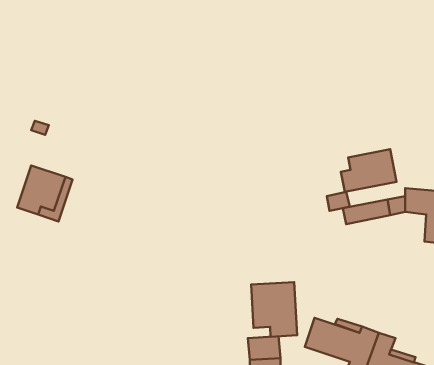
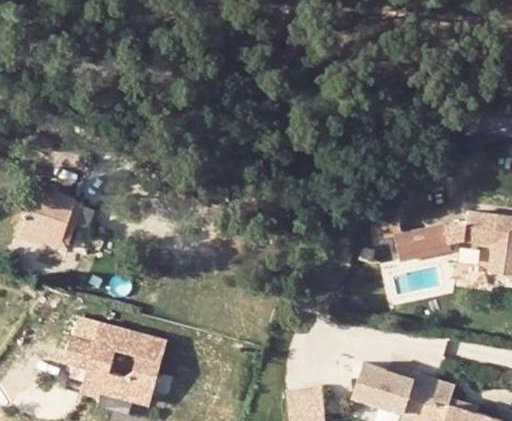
building: [341,149,397,192] -> none
building: [251,282,297,337] -> none
building: none -> [68,324,171,404]

